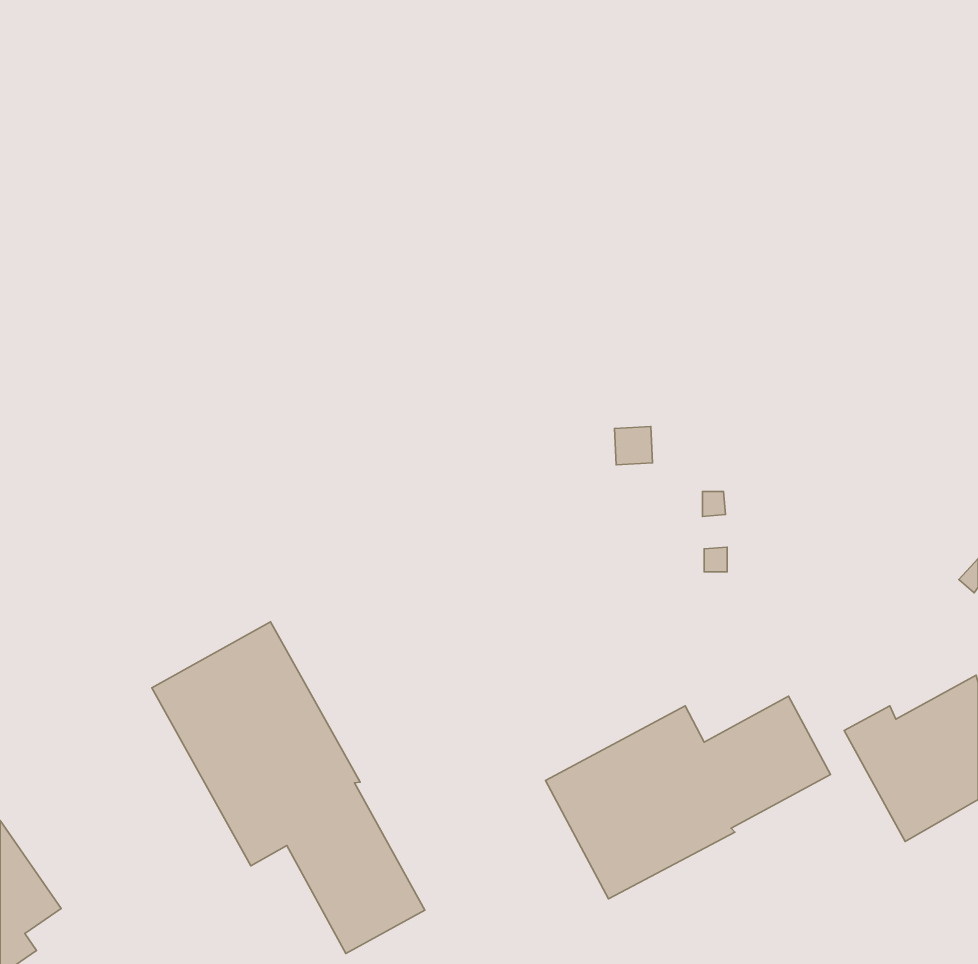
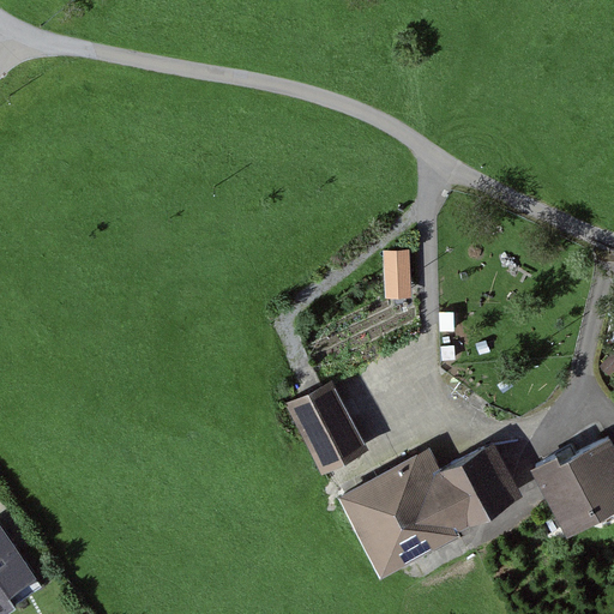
building: none -> [285,384,369,475]
building: [152,622,425,953] -> none

